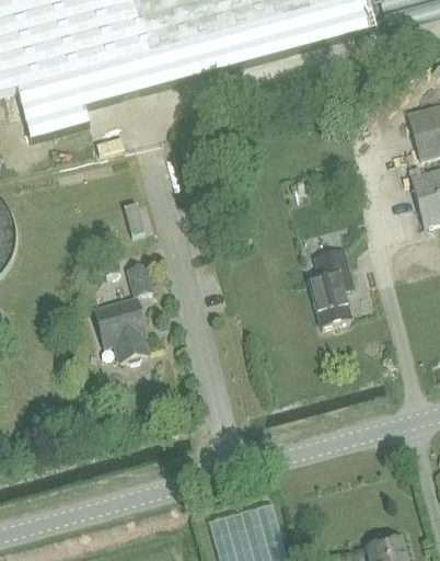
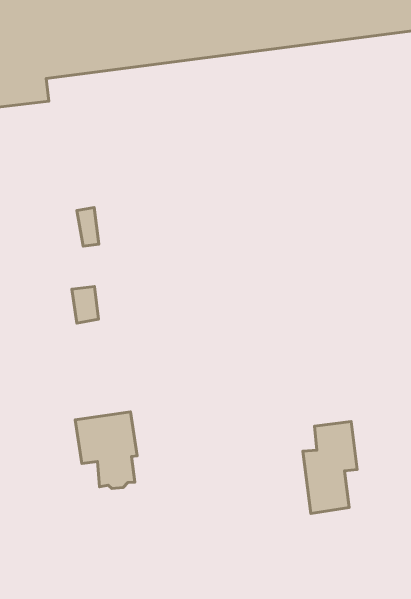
building: [306,248,351,324] -> [303,422,357,513]
building: [92,296,146,358] -> [75,412,137,489]

